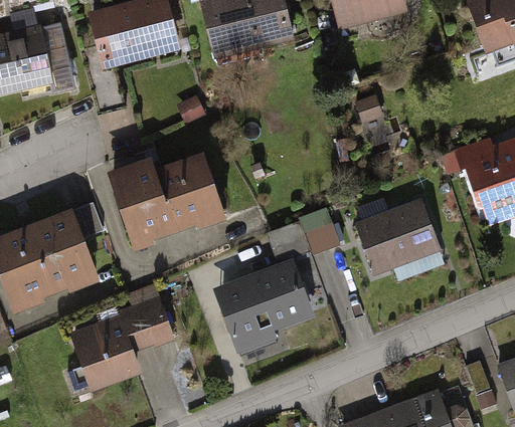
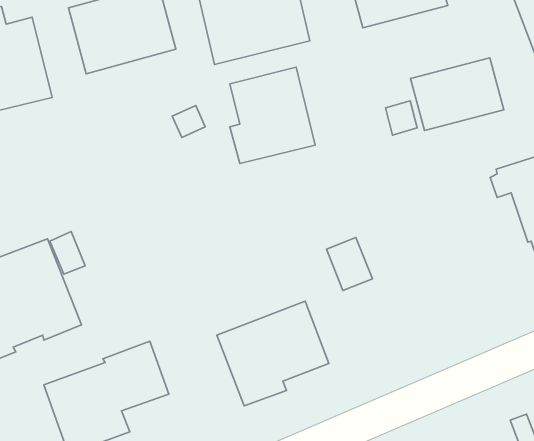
building: none -> [411,58,504,130]
building: none -> [230,67,315,164]
building: [104,155,226,254] -> none
building: [353,200,441,276] -> none

